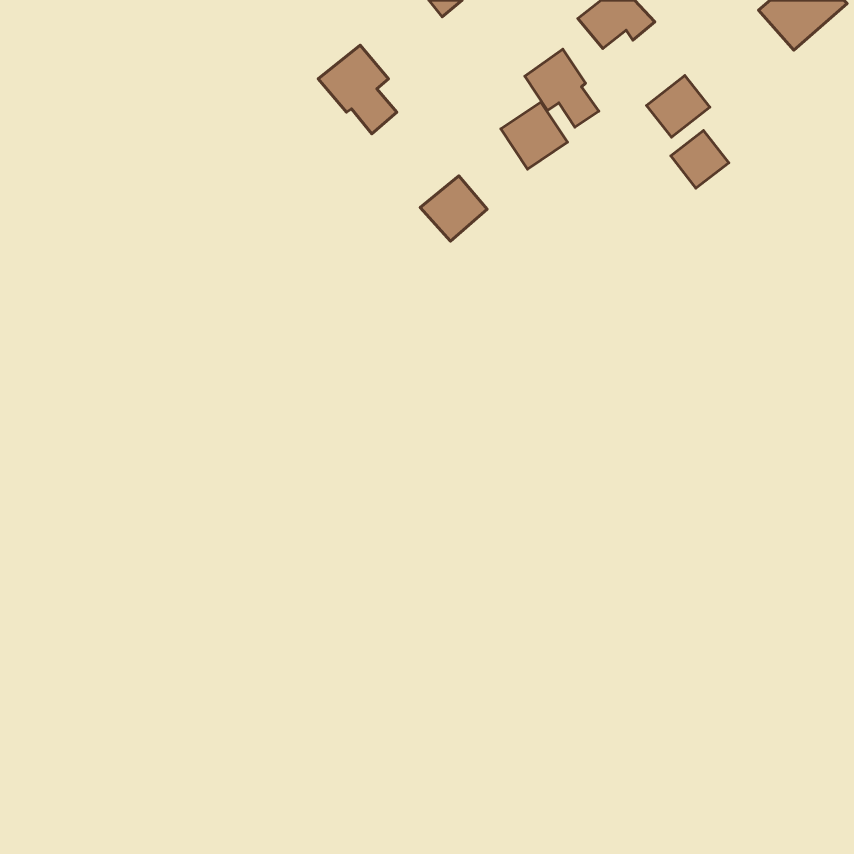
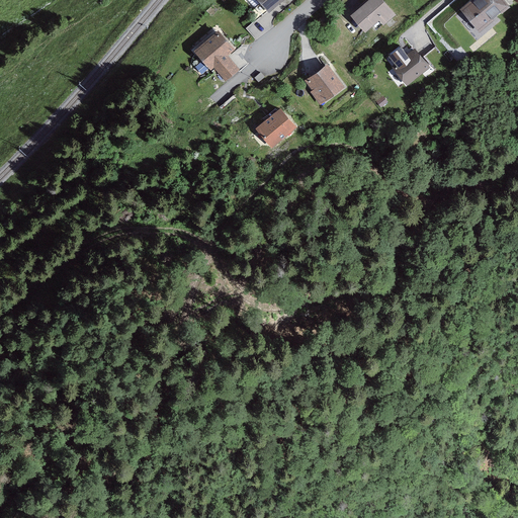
building: [525,49,599,127] -> none
building: [671,130,729,188] -> none

